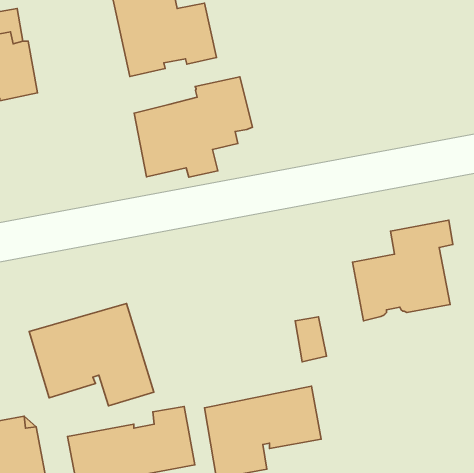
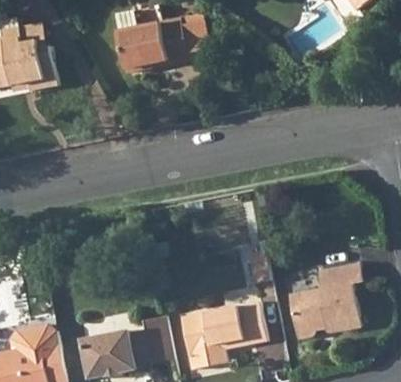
building: [134,77,253,177] -> none
building: [353,220,453,321] -> [289,264,363,338]
building: [29,304,154,406] -> none

